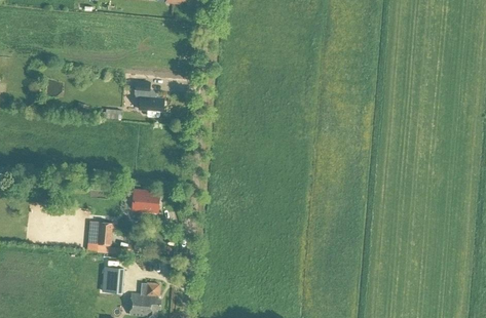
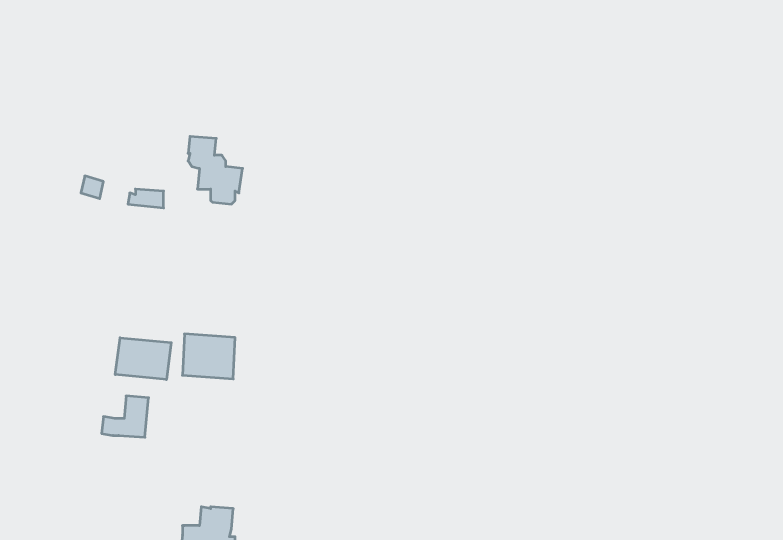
building: none -> [115,338,171,380]
building: [103,266,122,292] -> none

